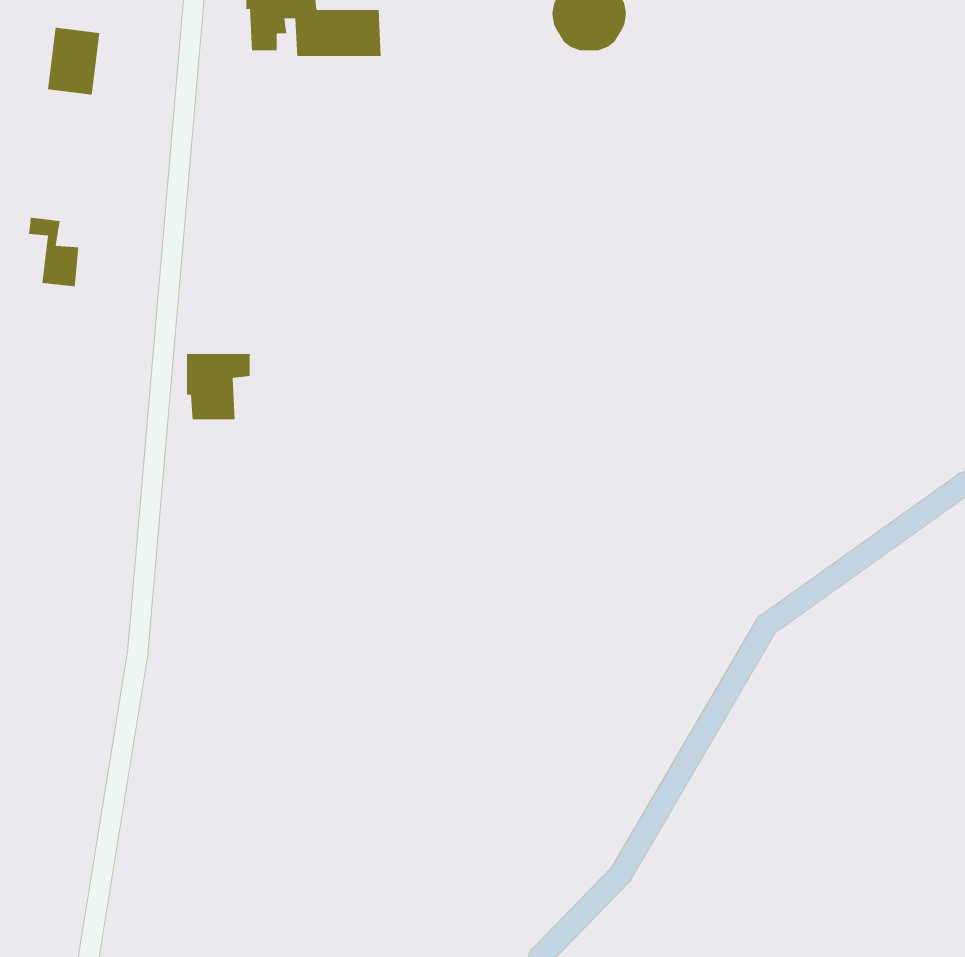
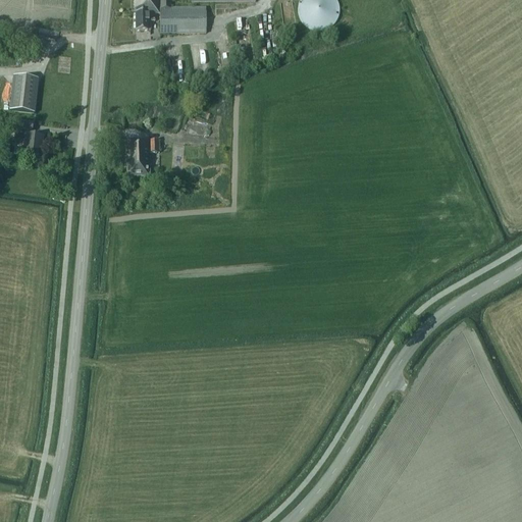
building: [47,27,100,95] -> [9,73,38,110]
building: [186,354,251,420] -> [123,138,158,173]

